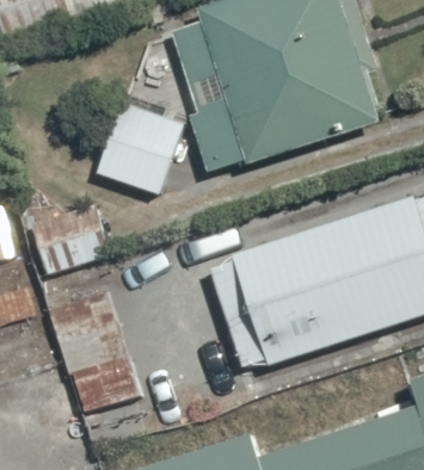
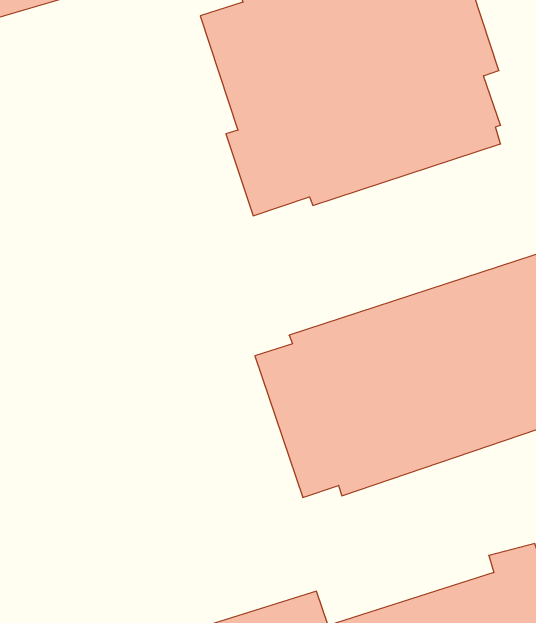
building: [94,101,183,194] -> none
building: [47,289,139,412] -> none

